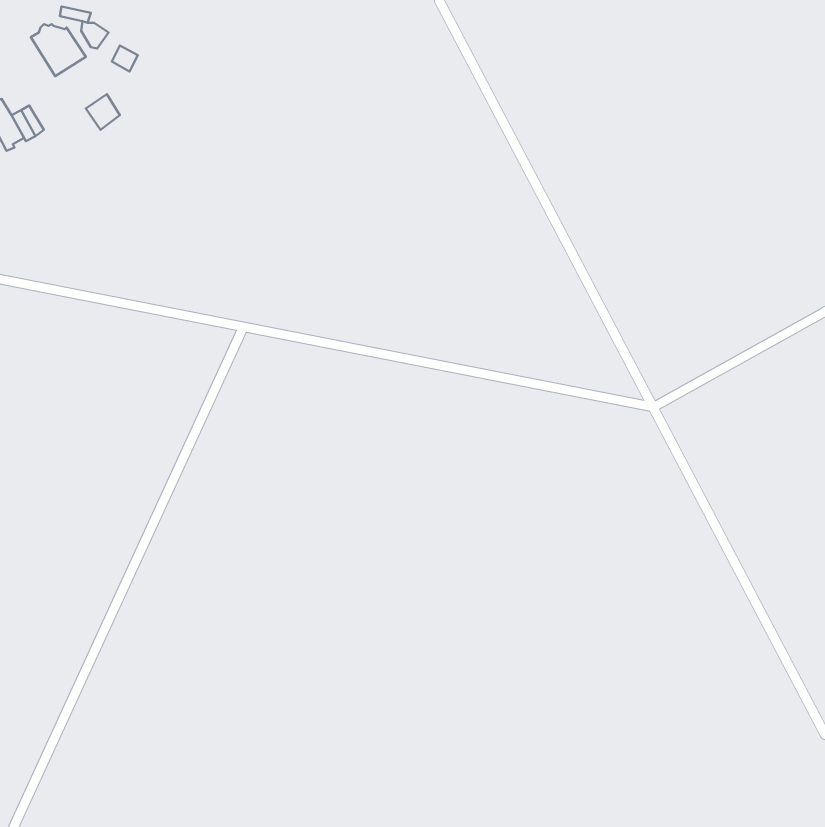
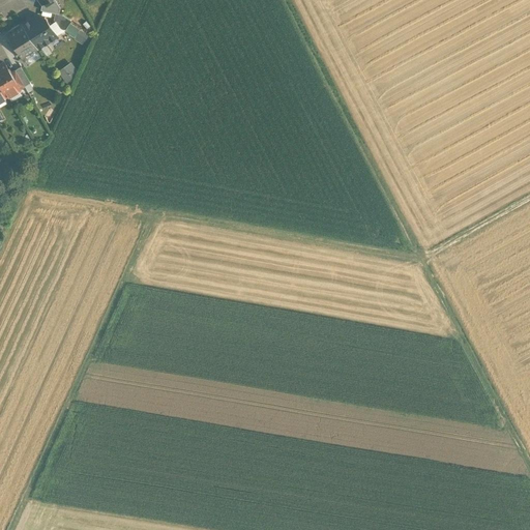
building: none -> [5,25,35,59]

